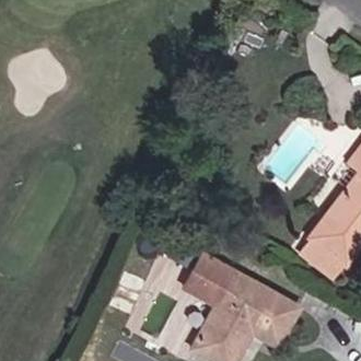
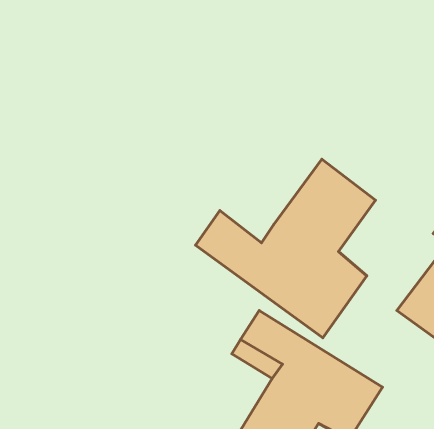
building: none -> [196,159,375,338]

